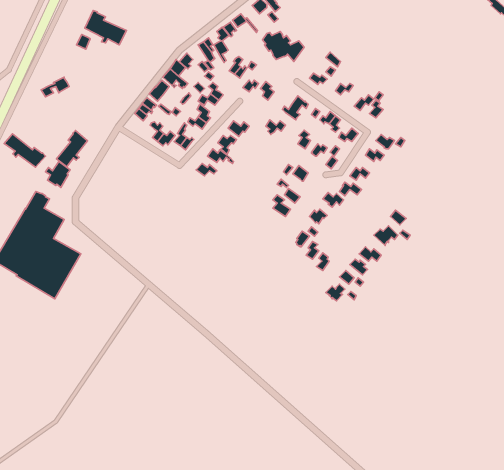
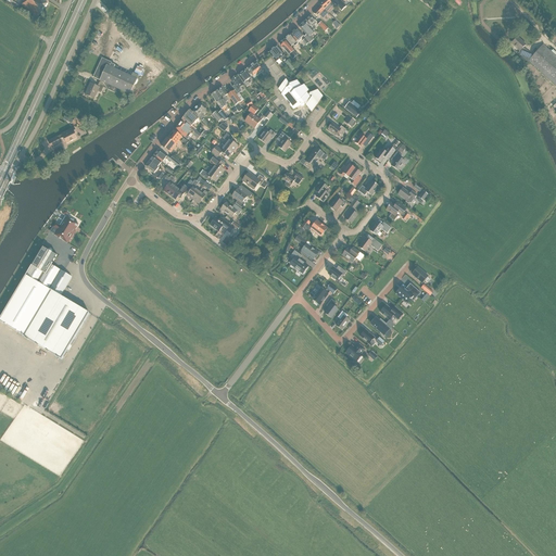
building: [57,131,88,167] -> none
building: [4,134,46,167] -> none

